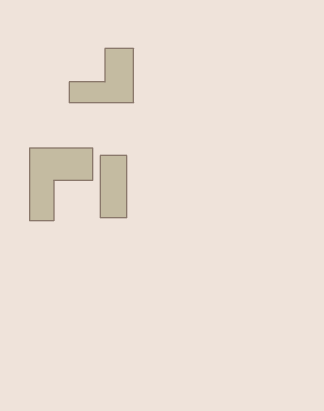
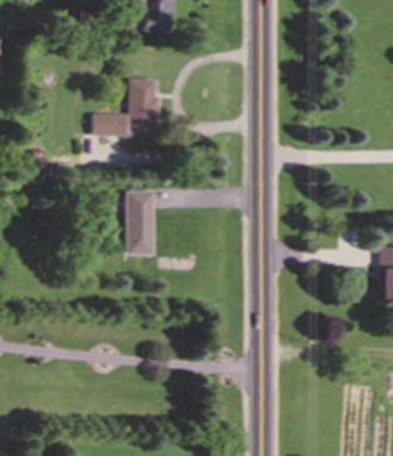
building: [30,148,93,221] -> none

